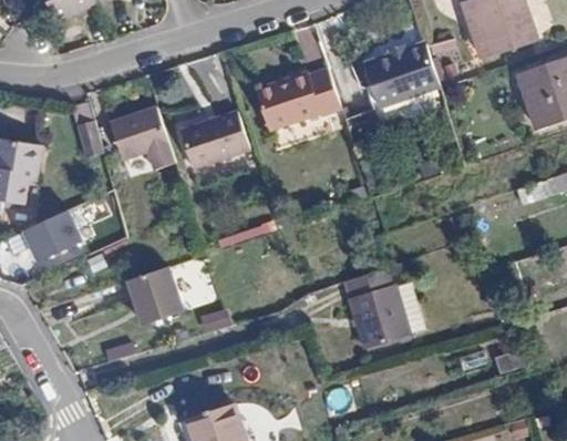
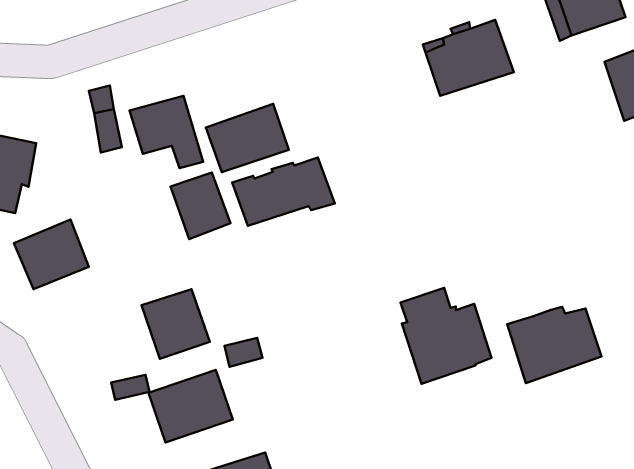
building: [256,71,342,129] -> [232,157,335,226]
building: none -> [171,172,230,239]
building: none -> [507,307,602,383]
building: none -> [149,370,233,443]

